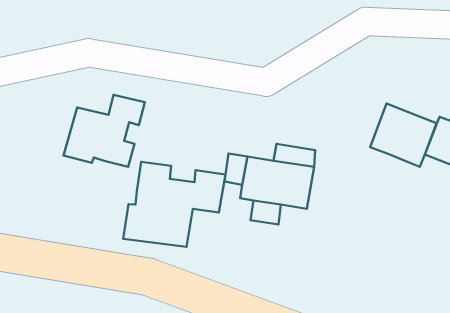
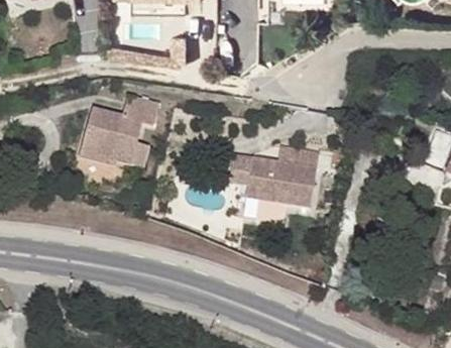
building: [370,104,436,167] -> none
building: [123,162,225,247] -> none

